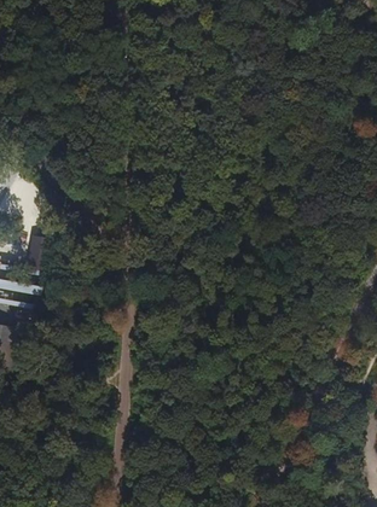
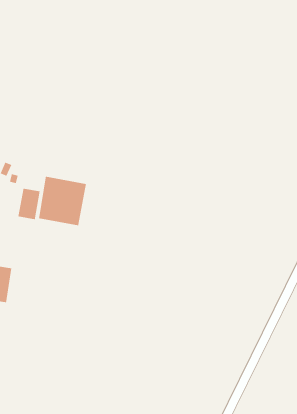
building: none -> [39,176,87,226]

